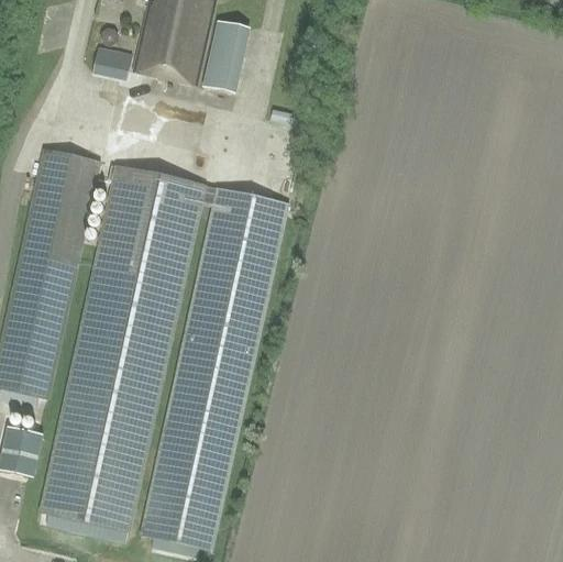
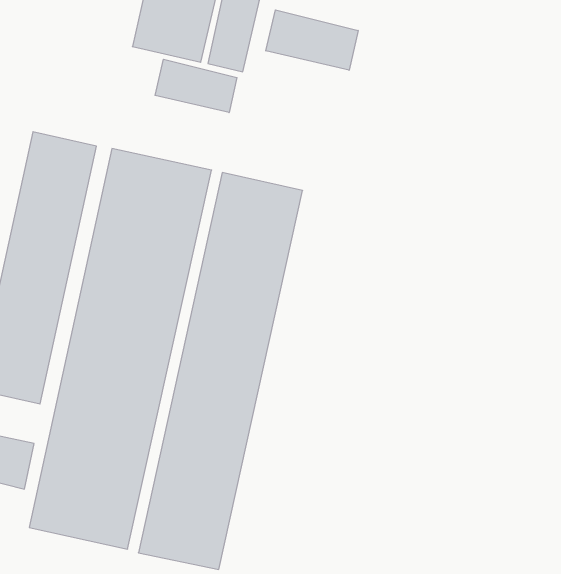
building: none -> [266,10,358,70]
building: [92,46,132,77] -> none
building: none -> [155,59,237,113]

